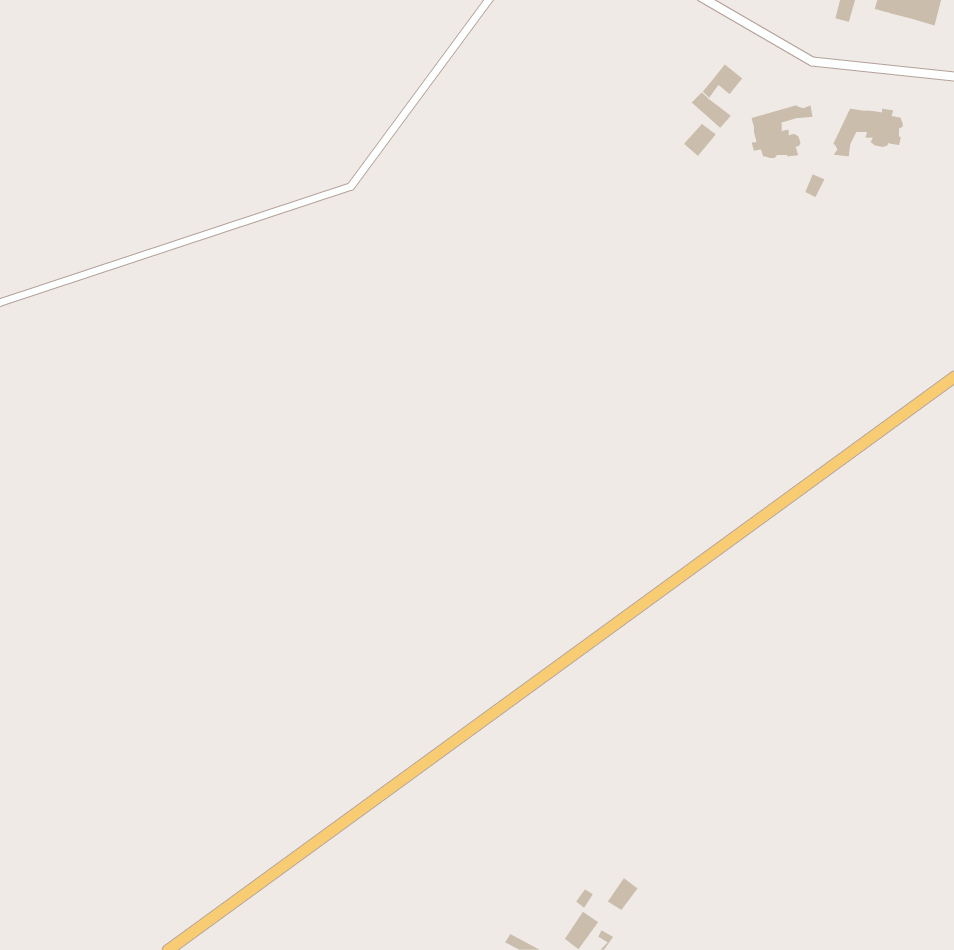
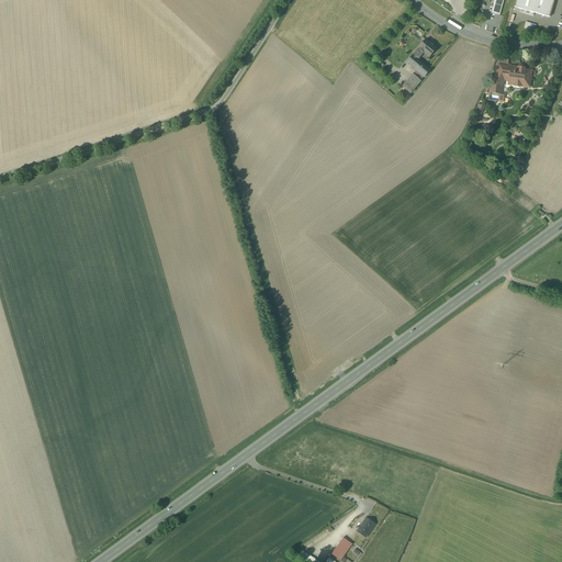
building: [751,105,813,159] -> none

